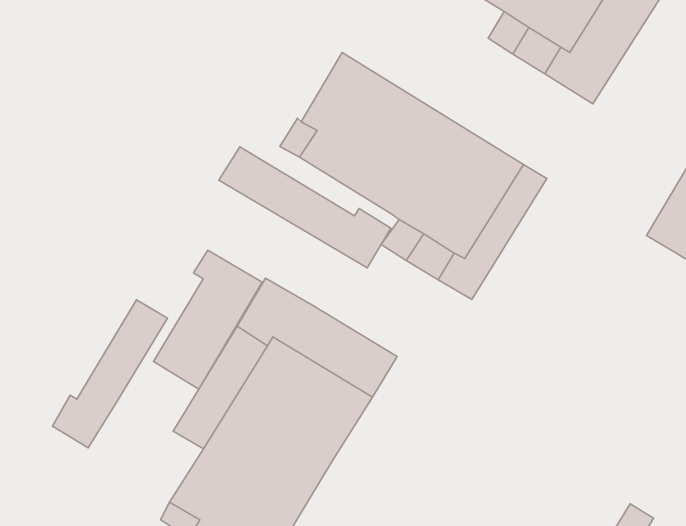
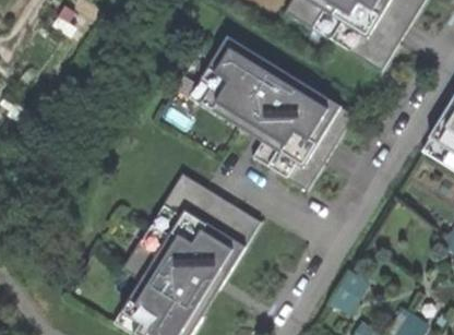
building: [219,147,391,268] -> none
building: [153,250,262,389] -> none
building: [52,300,167,448] -> none

